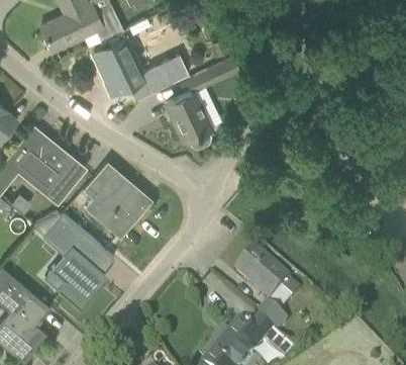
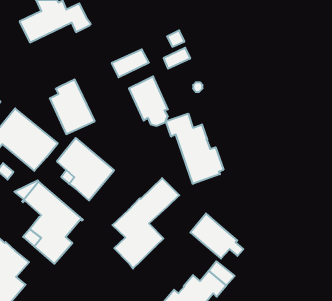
building: [91,29,143,93] -> [50,79,95,134]
building: none -> [166,114,223,184]
building: none -> [112,178,179,269]

